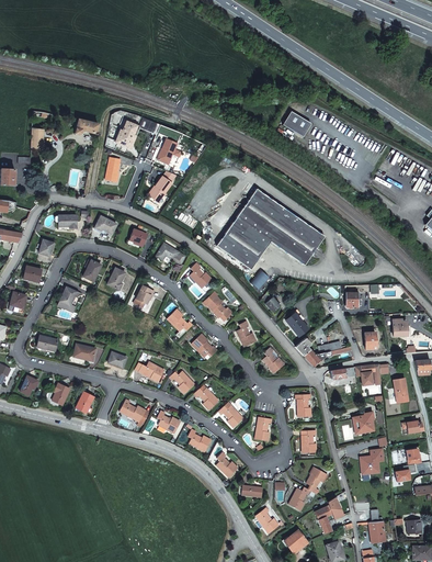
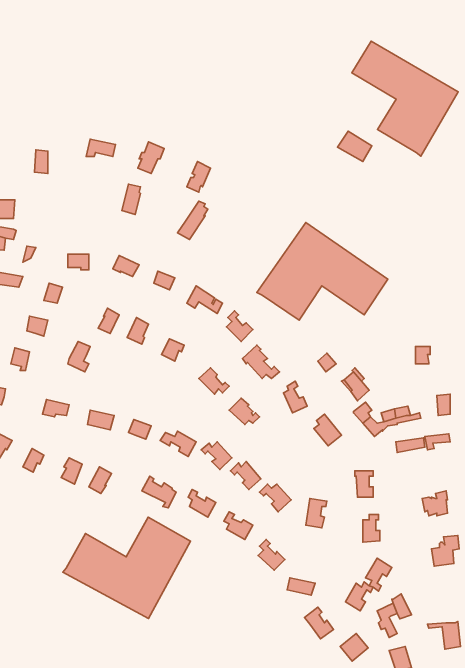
building: none -> [352,41,458,156]
building: none -> [63,517,191,619]

